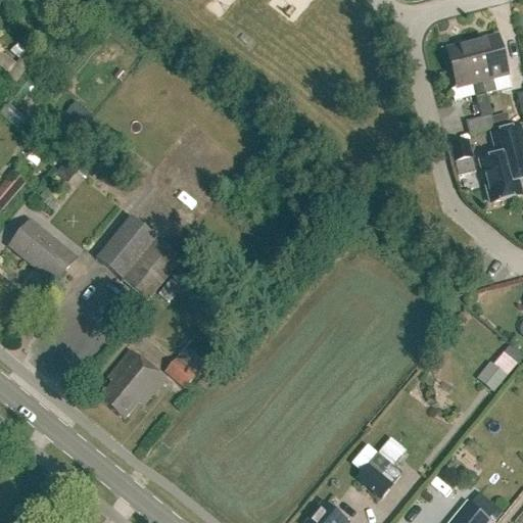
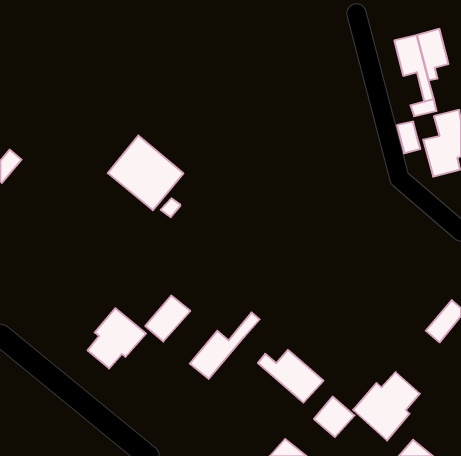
building: [96,215,182,299] -> [108,135,183,210]
building: [10,220,75,281] -> none
building: none -> [190,312,260,379]
building: none -> [258,350,323,403]
building: none -> [353,372,420,441]

